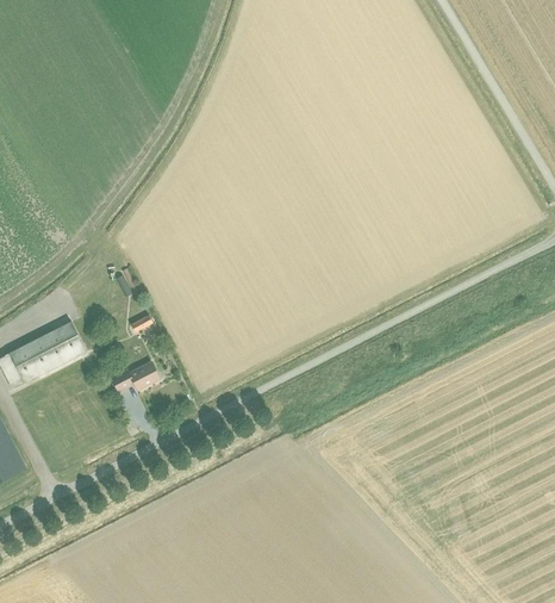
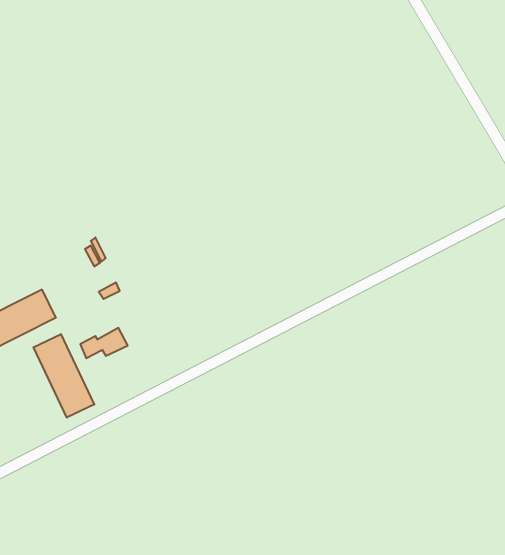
building: none -> [34,334,94,418]

